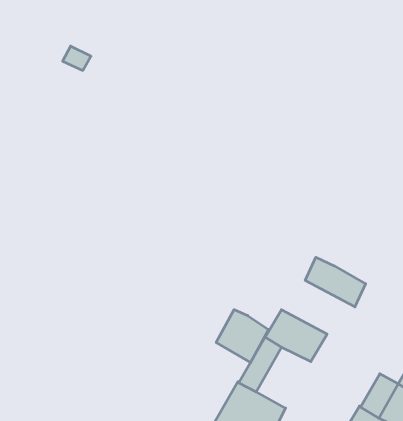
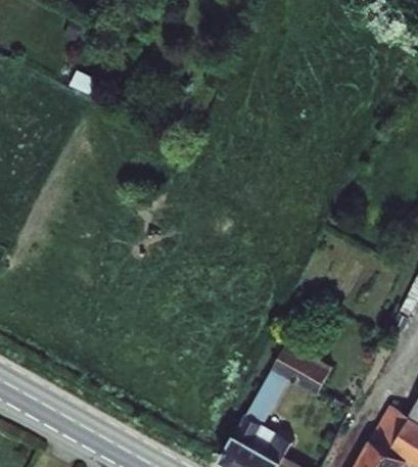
building: [305,257,366,307] -> none
building: [216,310,268,363] -> none

